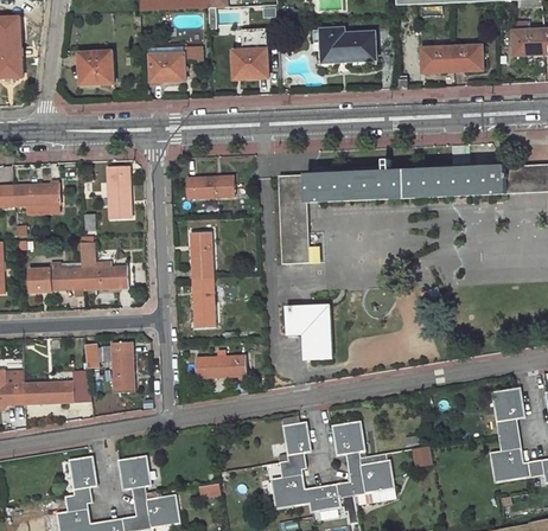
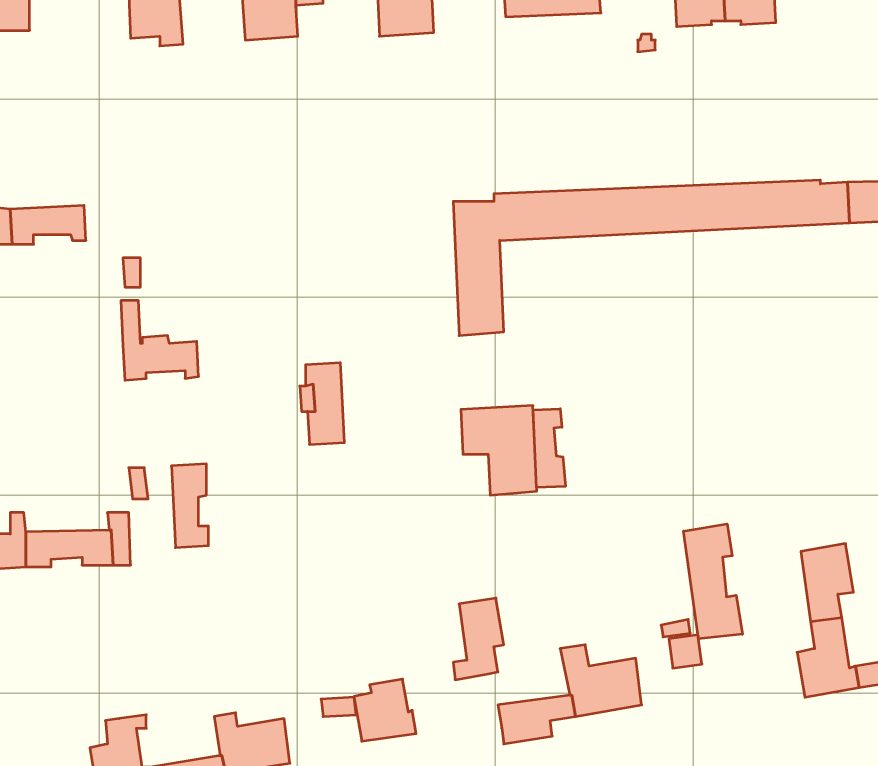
building: [106,167,128,217] -> none
building: [185,175,232,198] -> none
building: [187,230,212,279] -> none
building: [28,261,81,293] -> none
building: none -> [533,409,565,487]
building: [195,354,246,377] -> none
building: none -> [684,524,742,639]
building: [334,420,367,453] -> none
building: [72,455,98,494] -> none
building: [121,455,154,493] -> none
building: [273,467,311,505] -> [354,679,416,741]

